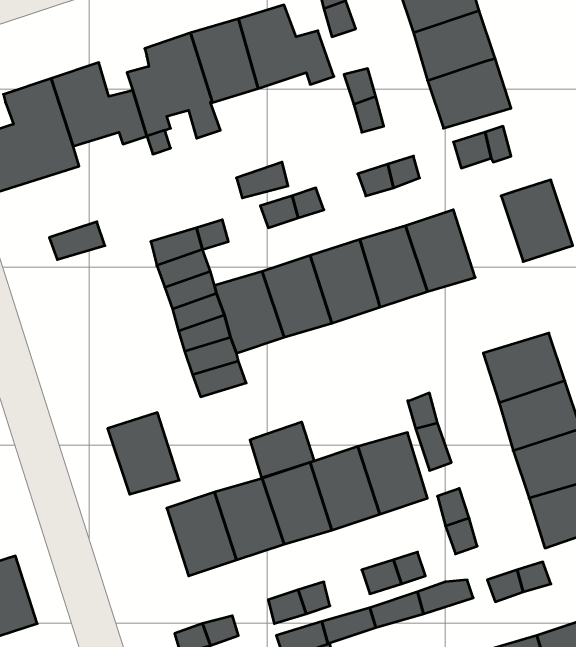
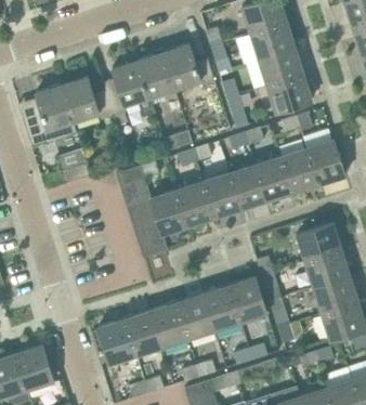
building: none -> [280,148,318,193]
building: [108,413,179,494] -> [97,318,136,363]
building: [250,422,314,478] -> none

